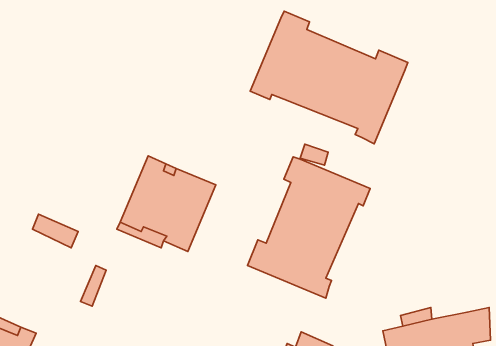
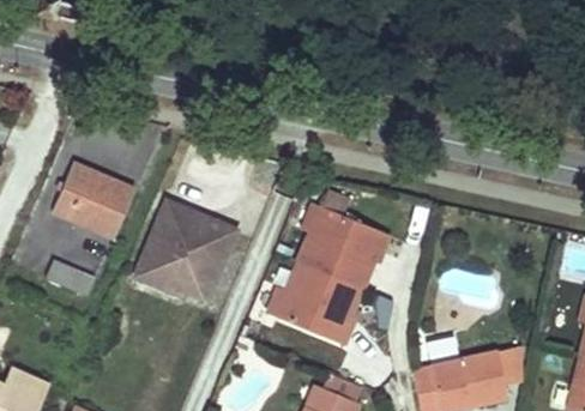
building: [250,11,408,144] -> none
building: none -> [54,162,137,235]

